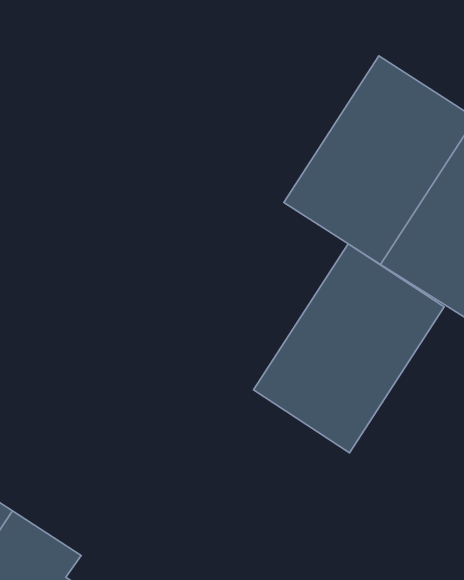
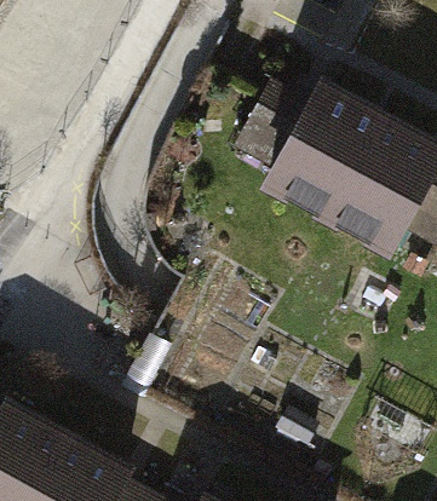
building: [253,244,444,453] -> none

